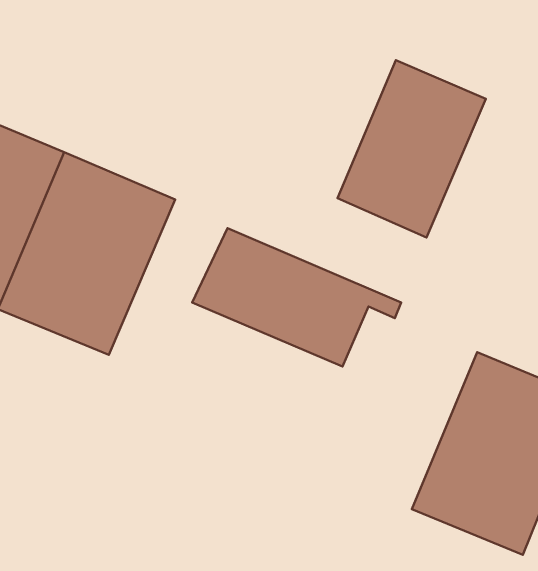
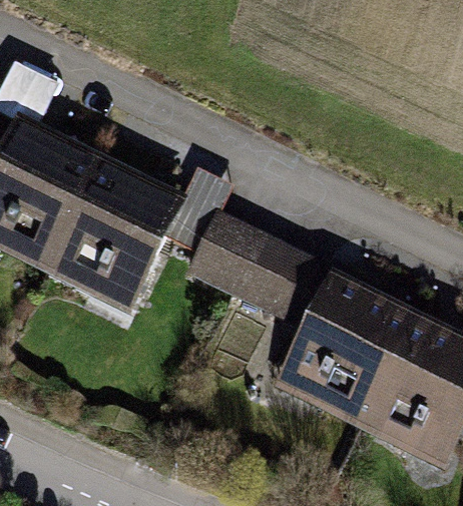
building: [337,60,486,238] -> none
building: none -> [276,274,410,429]

